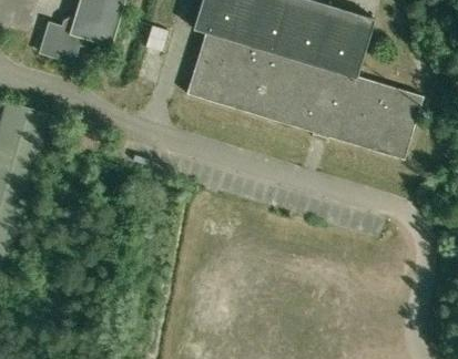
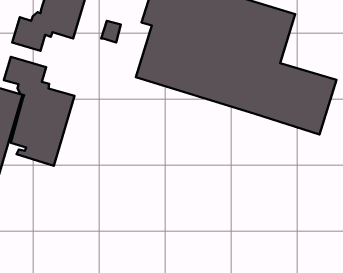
building: none -> [4,57,75,166]

